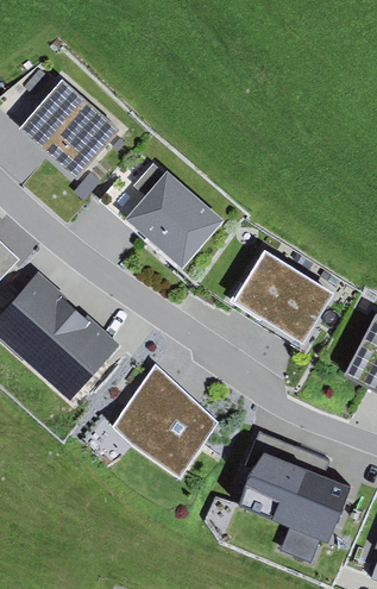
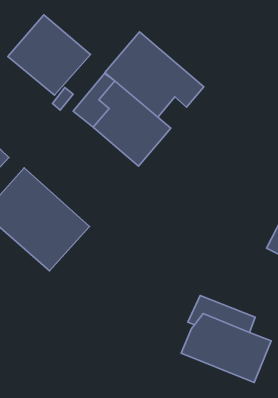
building: none -> [105,32,204,117]
building: [232,250,334,344] -> none
building: [112,362,219,478] -> none

